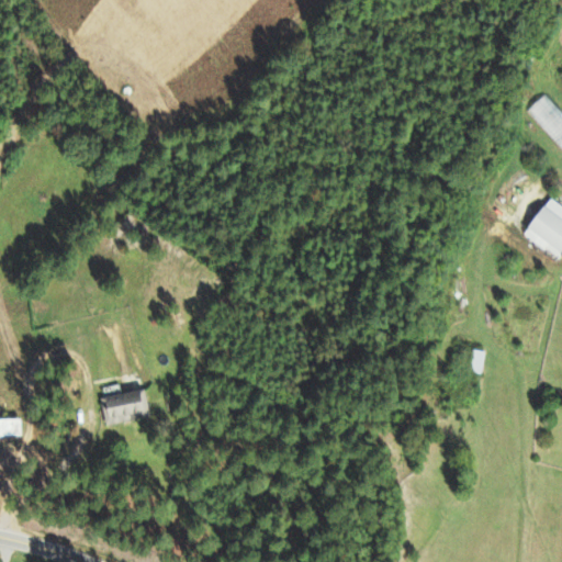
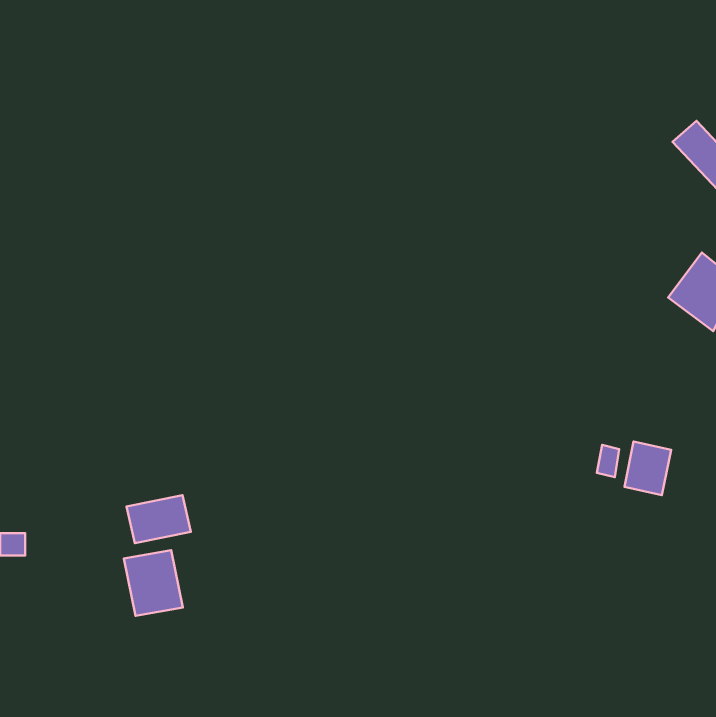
building: none -> [624,441,671,495]
building: none -> [124,550,183,616]

